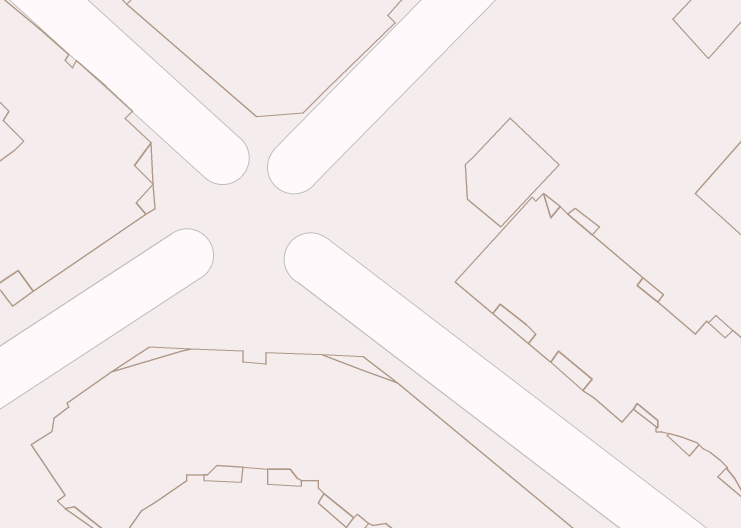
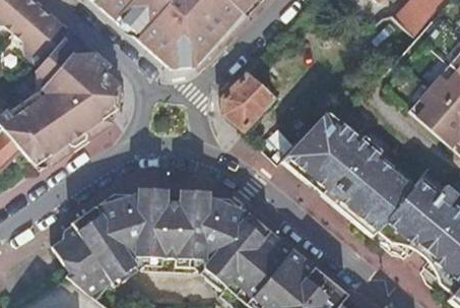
building: [465,118,559,227] -> [224,69,275,128]

